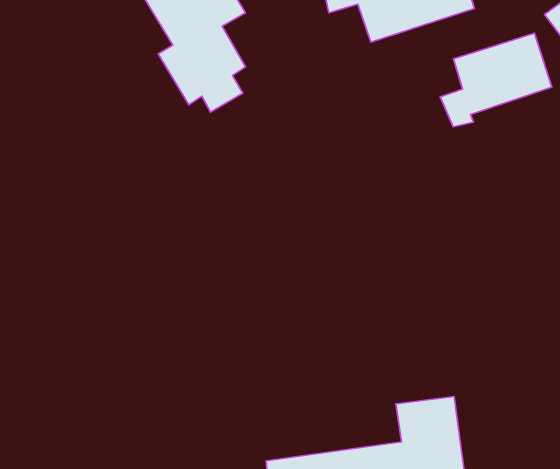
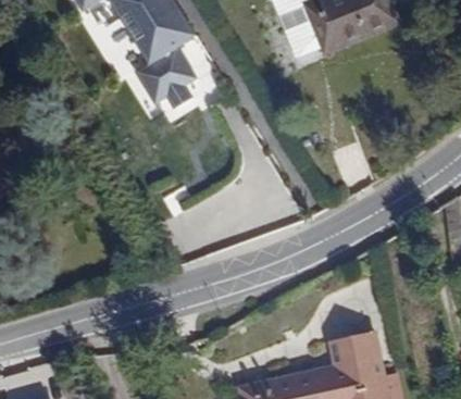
building: [440,33,552,127] -> none

